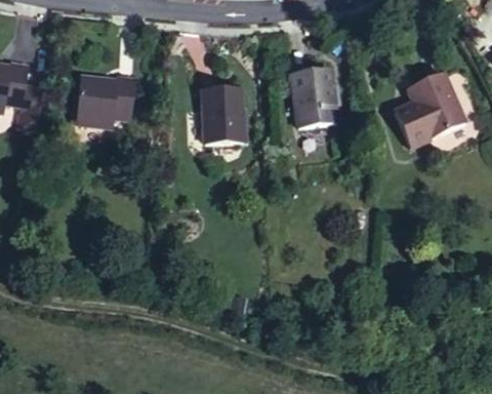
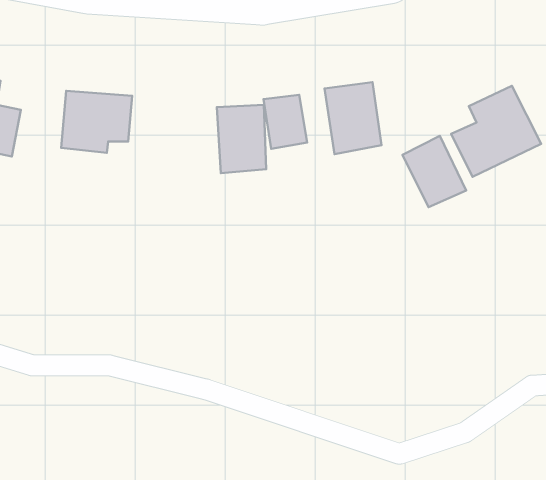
building: none -> [264,95,307,149]
building: none -> [402,136,466,207]

